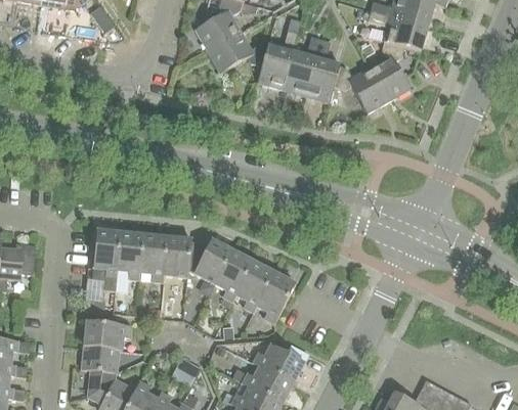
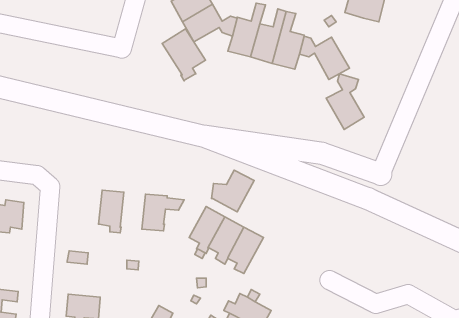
building: [369,41,409,101] -> [326,74,364,130]
building: none -> [162,29,205,81]
building: [91,230,120,291] -> none
building: [139,235,167,282] -> none
building: [186,239,232,284] -> [212,170,254,212]
building: [83,321,130,350] -> none

